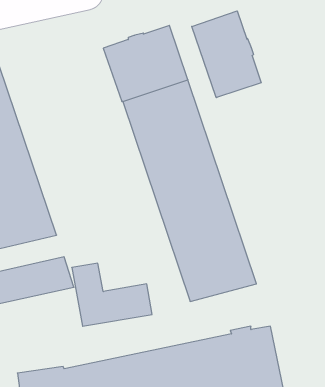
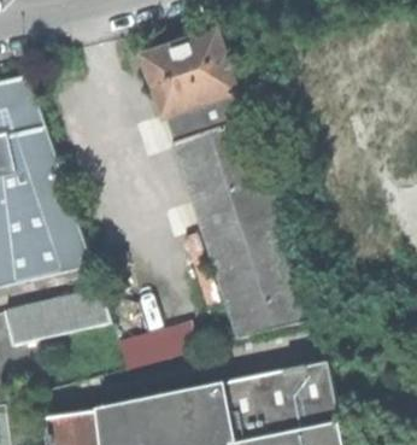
building: [192,11,261,98] -> none

